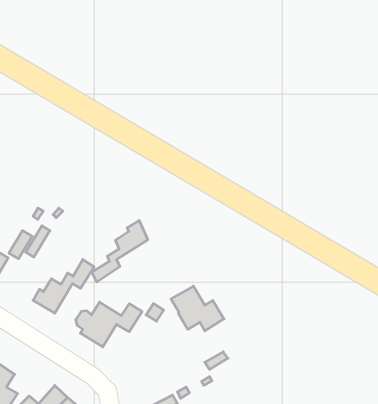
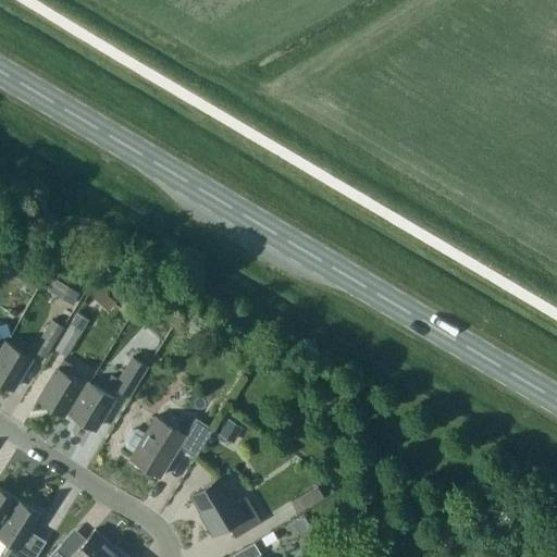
building: [92,220,148,282] -> none
building: none -> [37,362,87,418]
building: [171,286,224,331] -> [188,478,260,539]

